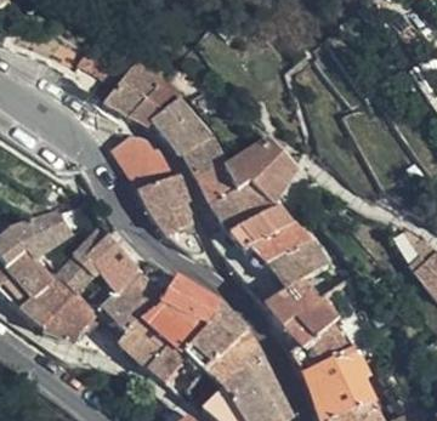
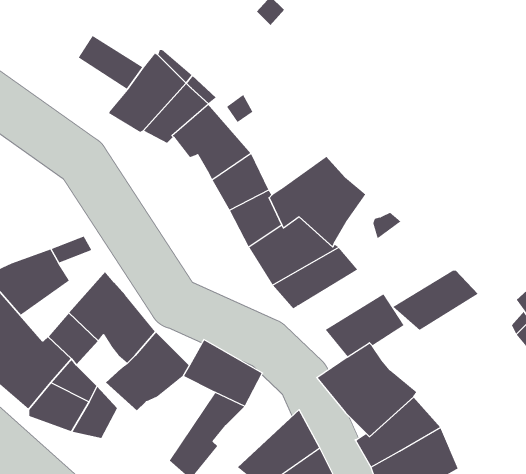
building: [113,131,206,254] -> none
building: [248,222,313,268] -> [392,270,478,331]
building: [183,301,249,372] -> none
building: [119,303,185,368] -> none

